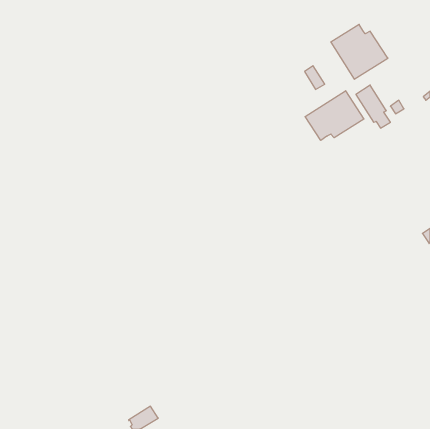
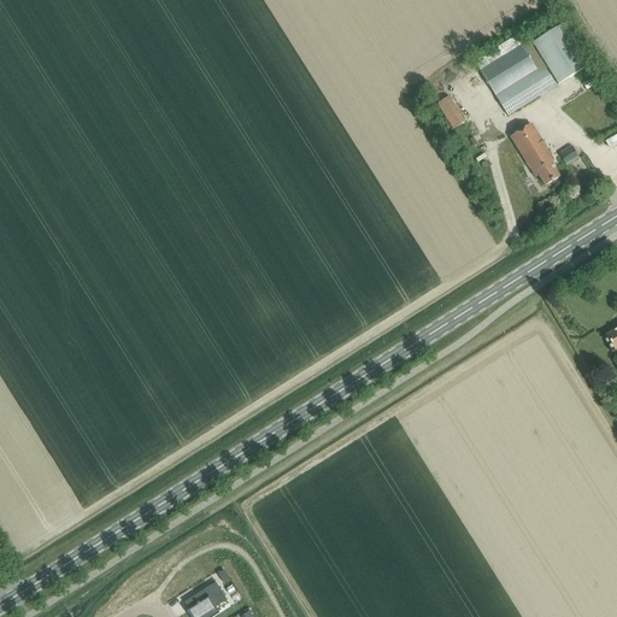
building: none -> [531,22,588,82]
building: [305,91,364,140] -> none

